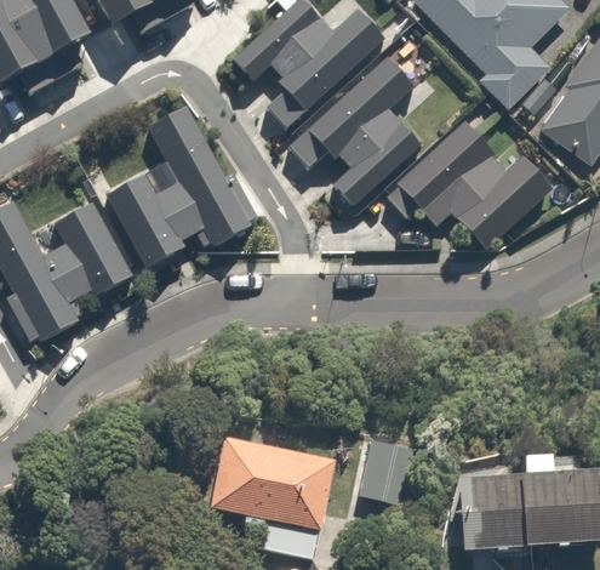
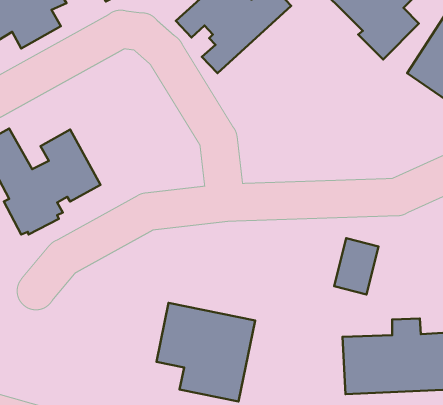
building: [291,56,422,205] -> none
building: [107,106,258,268] -> none
building: [388,121,554,249] -> none
building: [354,431,412,505] -> [334,238,378,294]

